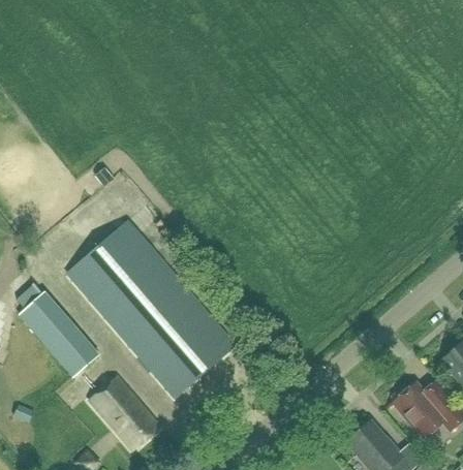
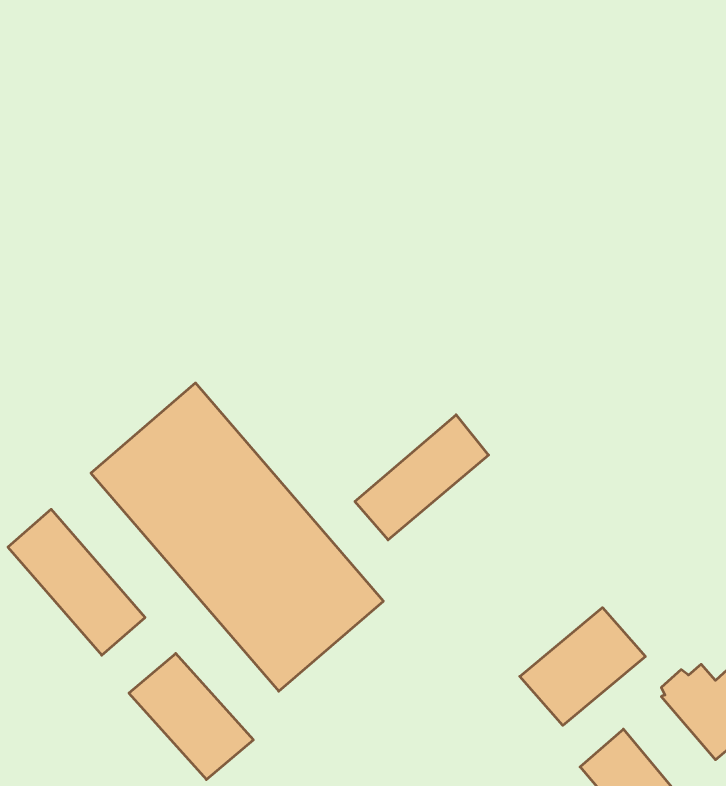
building: none -> [355,415,489,540]
building: none -> [520,608,645,725]

